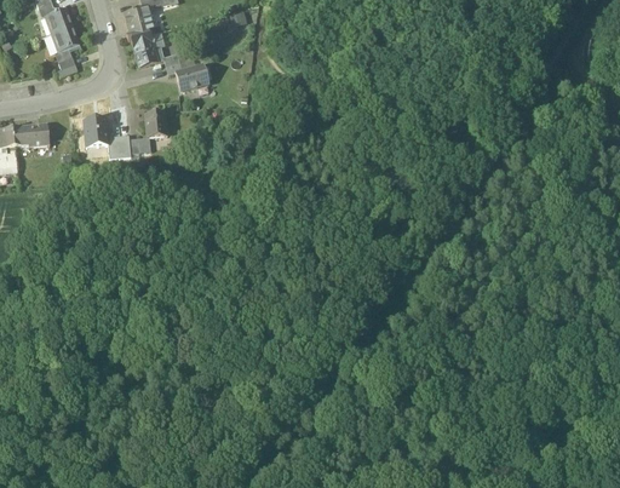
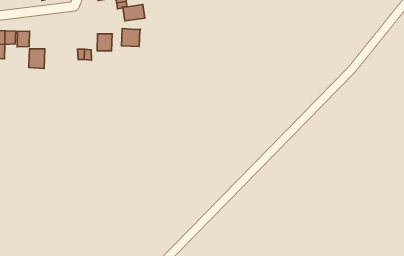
building: none -> [122,29,140,46]
building: [84,116,108,145] -> [29,49,45,68]

